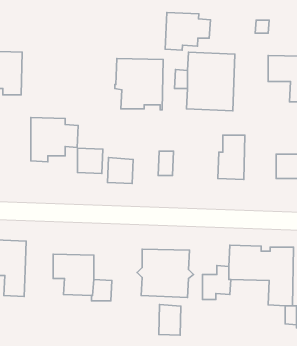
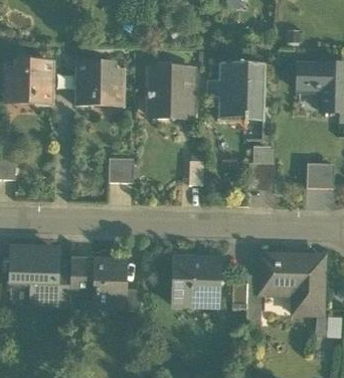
building: [165,12,211,50] -> none
building: [31,117,78,162] -> [76,62,124,107]
building: [108,157,133,183] -> none
building: none -> [55,257,85,306]
building: [159,304,181,335] -> none

